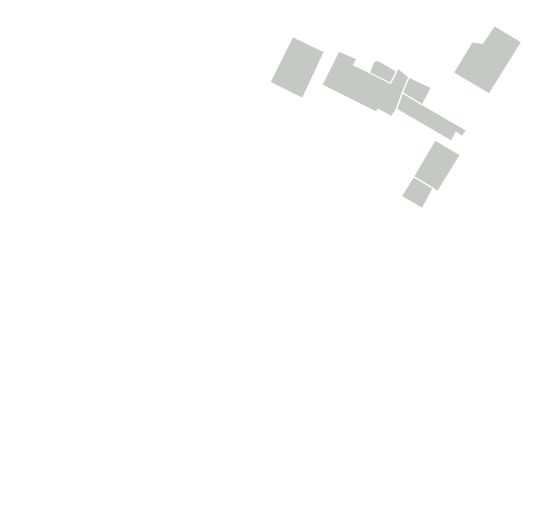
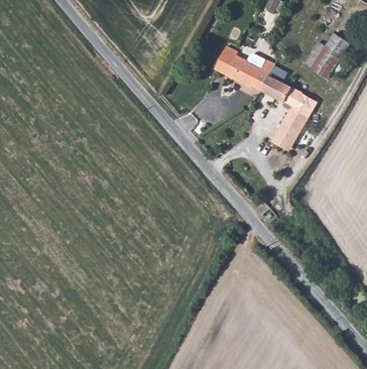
building: [270,37,324,99] -> none

